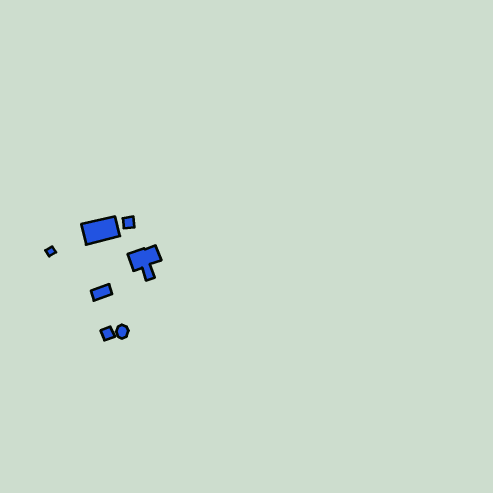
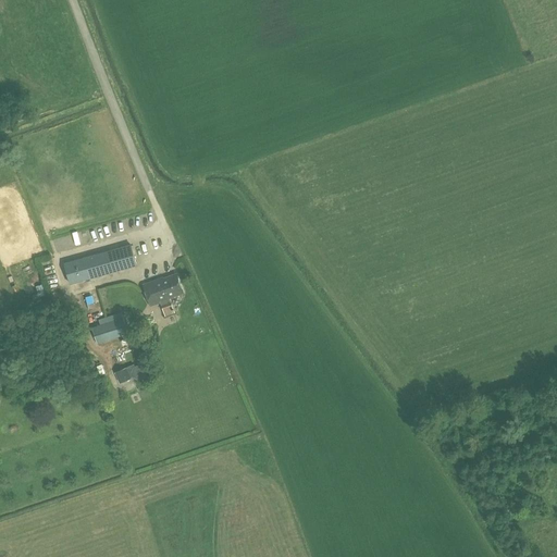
building: none -> [59,253,97,285]

